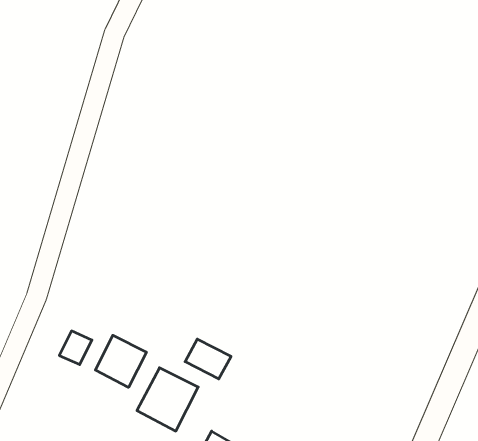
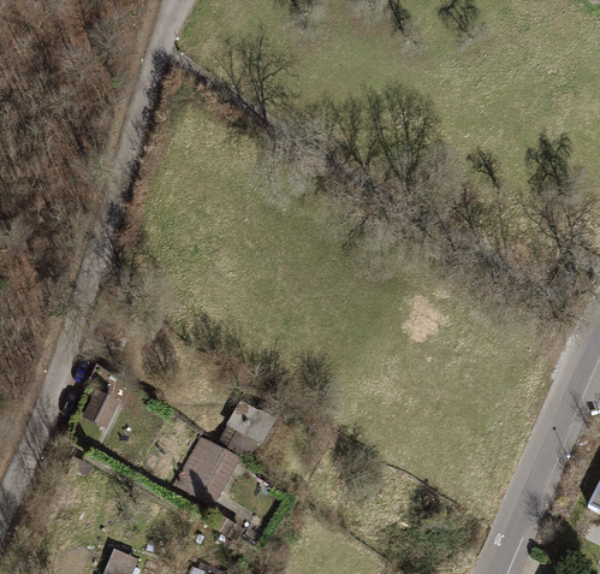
building: [95,335,146,387] -> none

